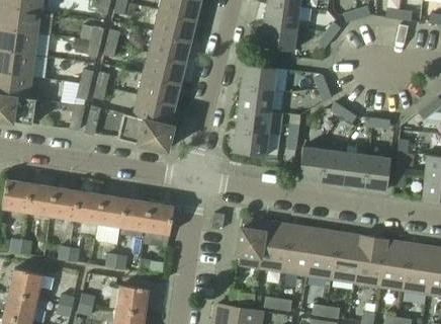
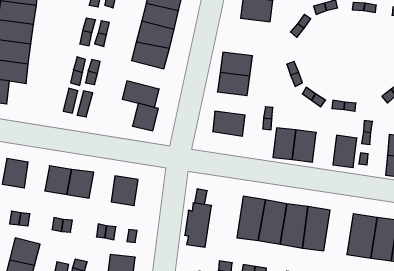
building: [262,26,296,51] -> none
building: [140,73,180,104] -> none
building: [8,95,36,125] -> none
building: [236,107,271,133] -> none
building: [118,112,152,145] -> none
building: [343,152,369,187] -> none
building: [27,184,55,216] -> none
building: [98,195,126,228] -> none
building: [148,204,175,235] -> none
building: [238,219,267,267] -> [185,203,212,247]
building: [355,235,388,286] -> none

